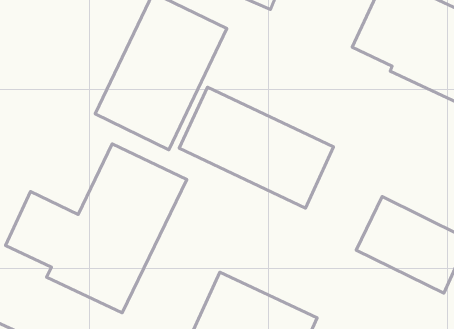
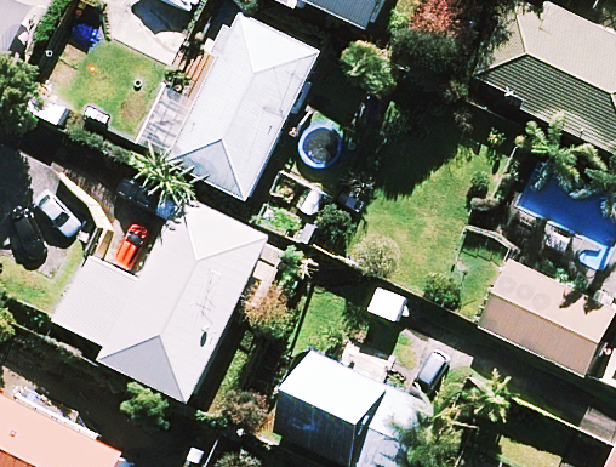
building: [179,87,334,208] -> none

